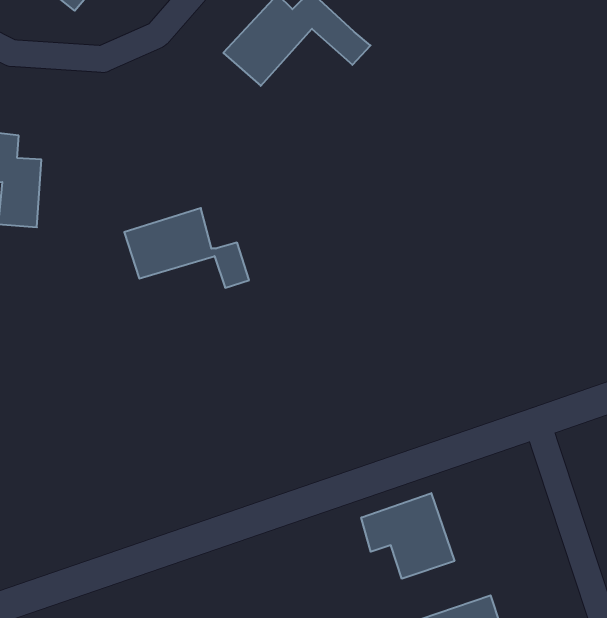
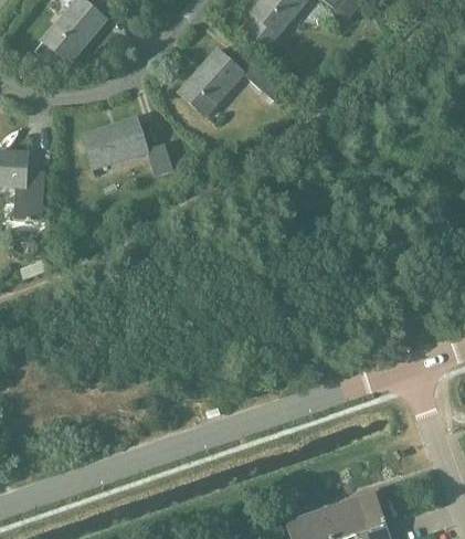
building: [124,208,249,288] -> [81,117,172,176]
building: [361,493,454,579] -> none

